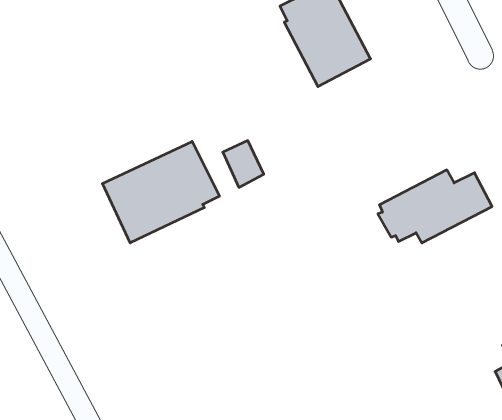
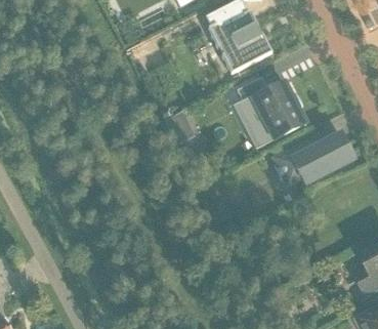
building: none -> [238,68,306,148]
building: [102,141,219,243] -> none

